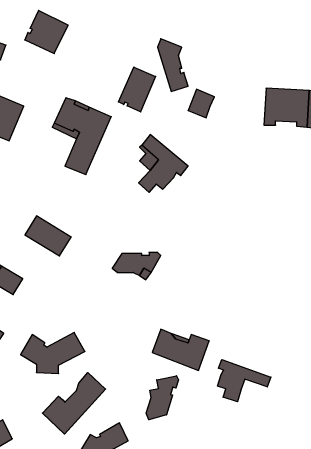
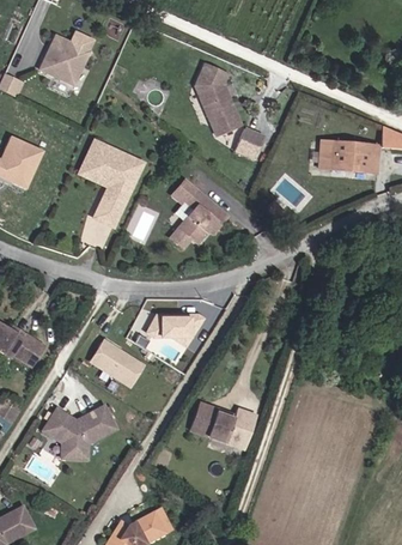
building: [118,67,156,112] -> none
building: [25,216,71,256] -> [89,341,141,387]
building: [218,360,271,402] -> none
building: [42,373,106,434] -> none
building: [146,376,179,420] -> none

